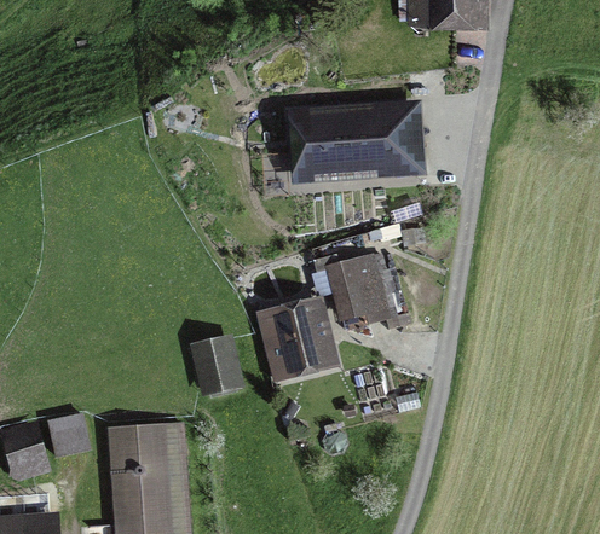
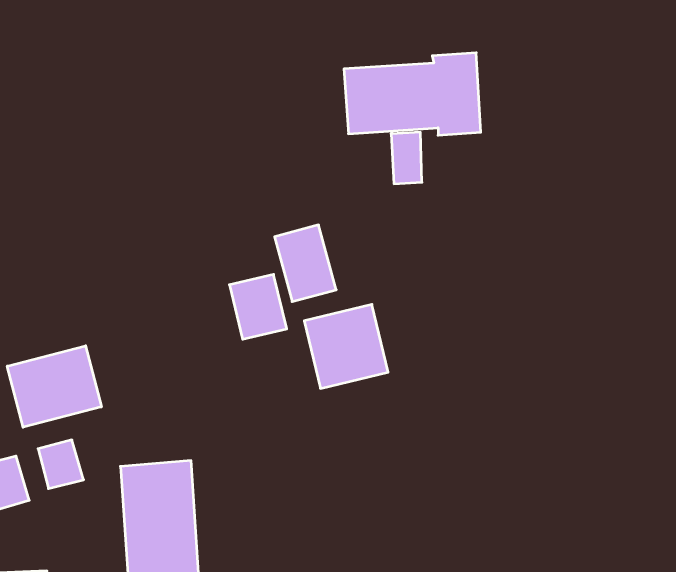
building: [331,257,382,320] -> [275,225,336,302]
building: [194,338,241,391] -> [229,274,287,339]
building: none -> [7,346,101,427]

